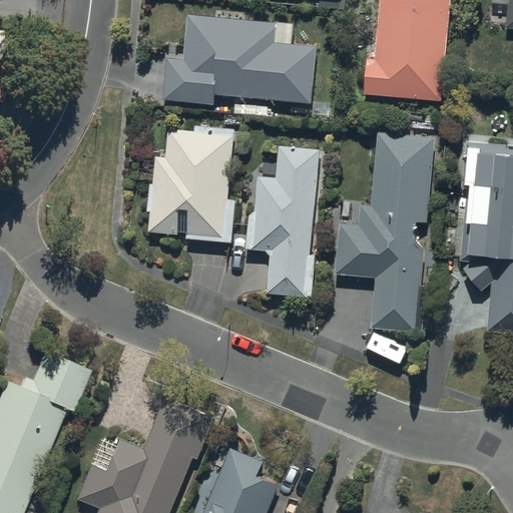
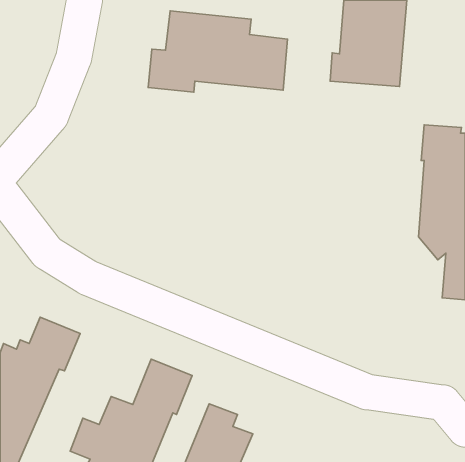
building: [147,125,236,242] -> none
building: [337,134,434,332] -> none
building: [245,146,320,296] -> none

